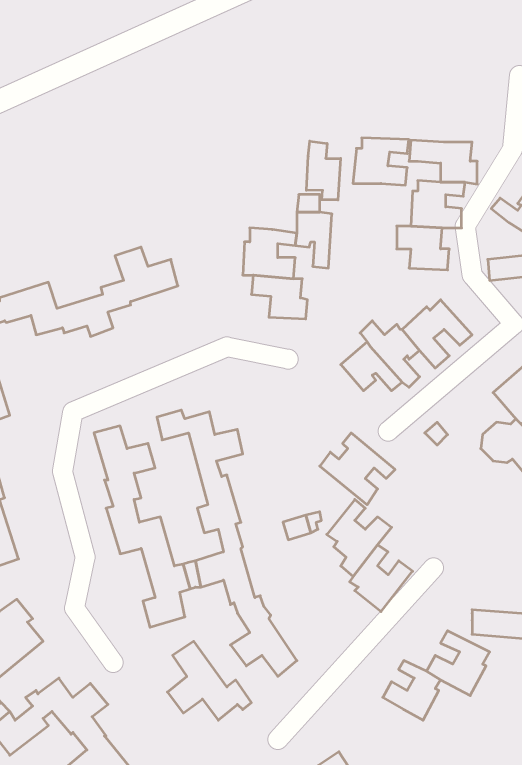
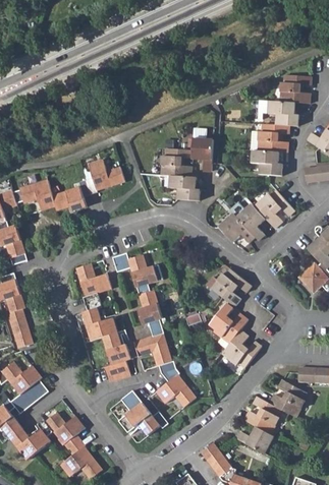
building: [353,138,409,185] -> [279,73,312,101]
building: [306,141,341,200] -> none
building: none -> [236,429,274,456]

